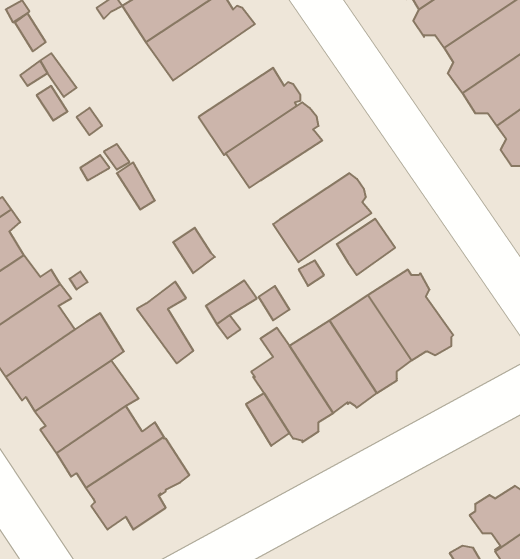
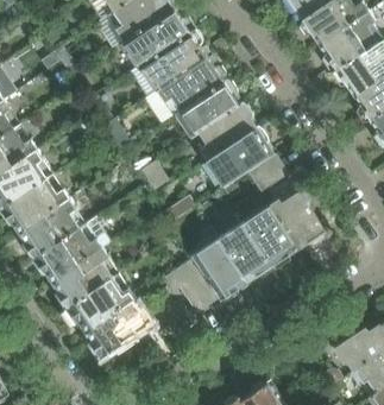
building: none -> [141,29,207,89]
building: none -> [199,102,257,159]
building: [137,282,193,363] -> [169,259,206,312]

